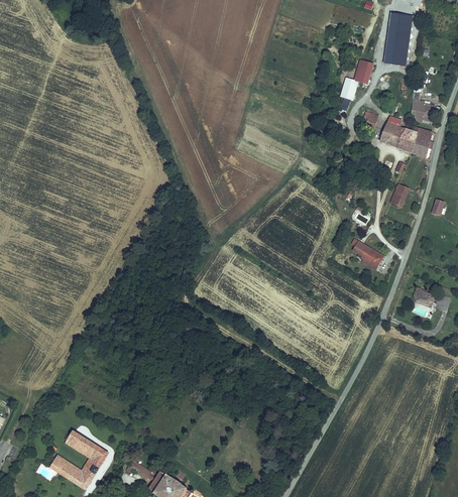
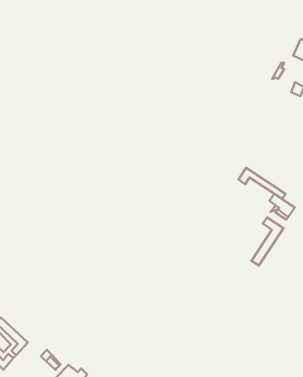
building: none -> [238,168,285,199]
building: none -> [252,217,283,265]

